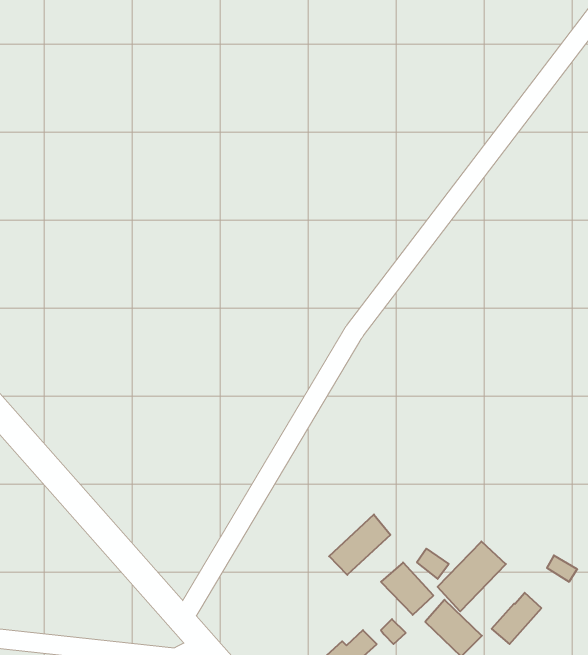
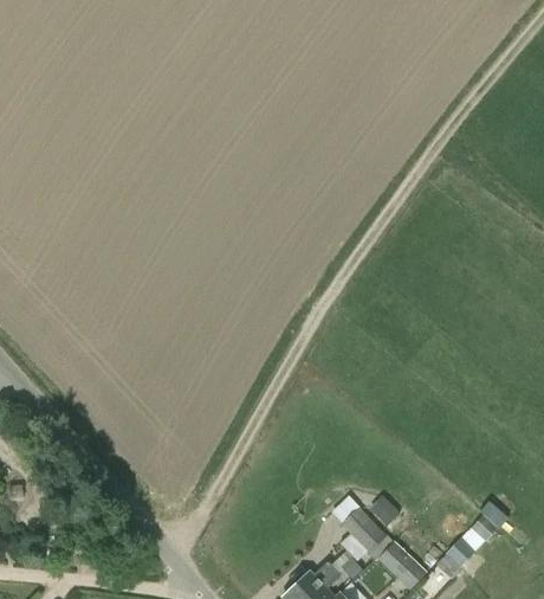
building: [329,514,390,575] -> none
building: [438,541,506,611] -> none

